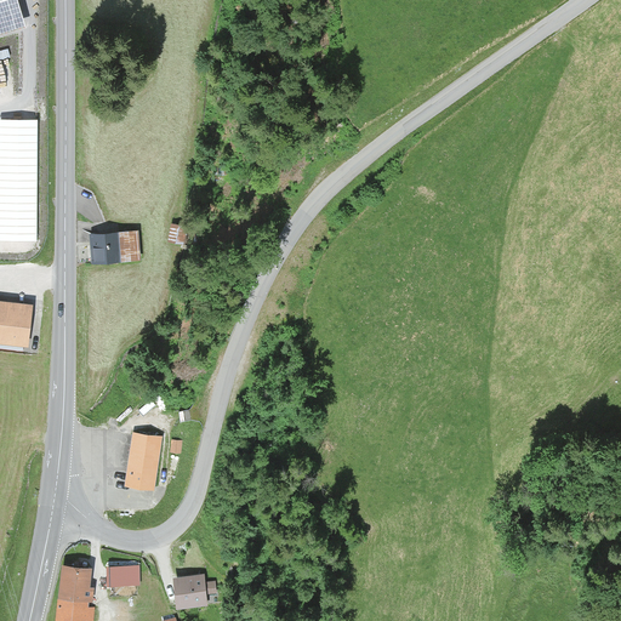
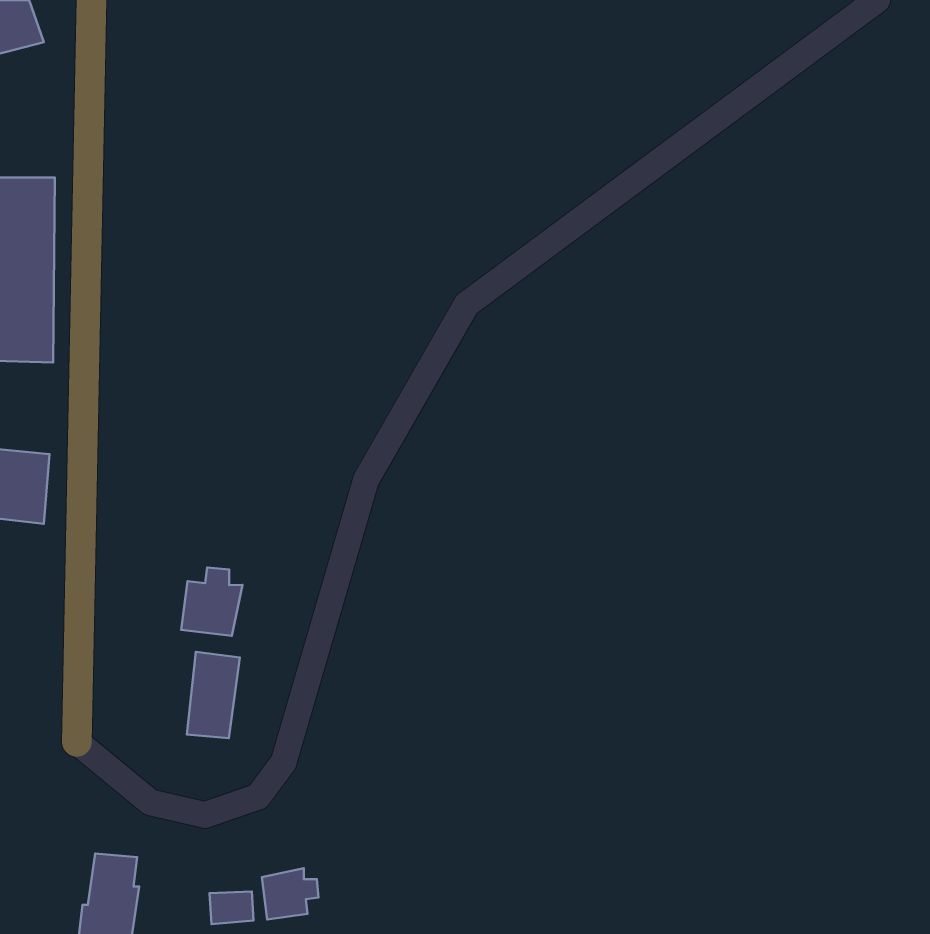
building: [87,230,133,264] -> none
building: none -> [181,568,242,636]
building: [107,566,136,588] -> [210,891,254,924]

